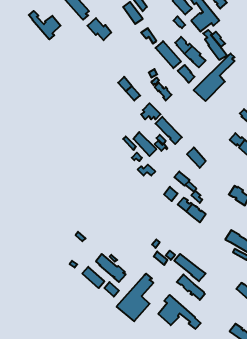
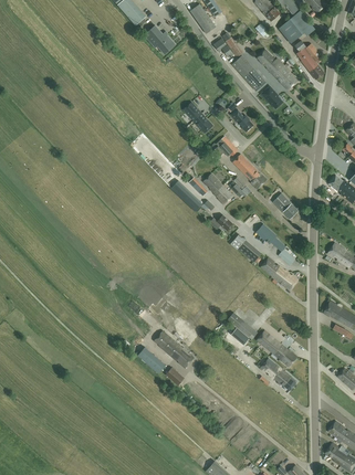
building: [29,11,61,39] -> none
building: [194,53,235,101] -> none
building: [117,274,153,321] -> none
building: [158,295,201,329] -> none

